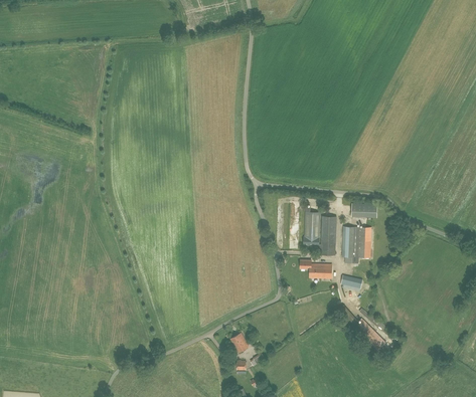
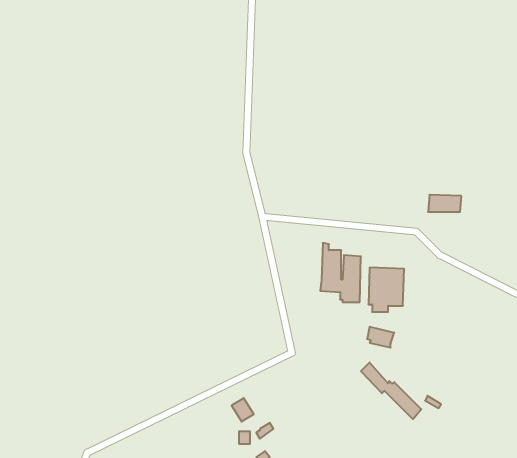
building: [350,202,377,216] -> [428,195,461,212]
building: [300,259,332,278] -> none

